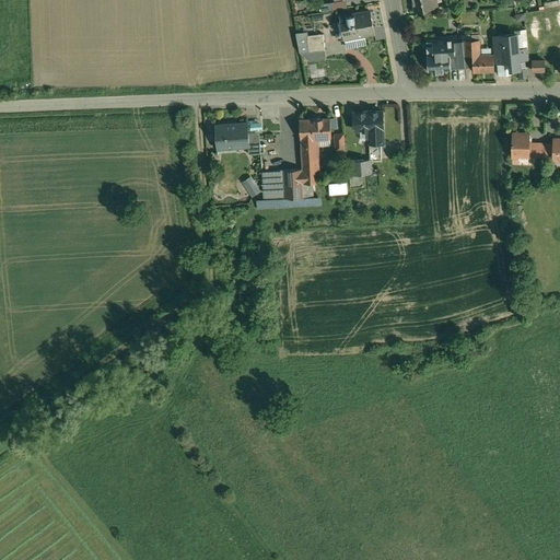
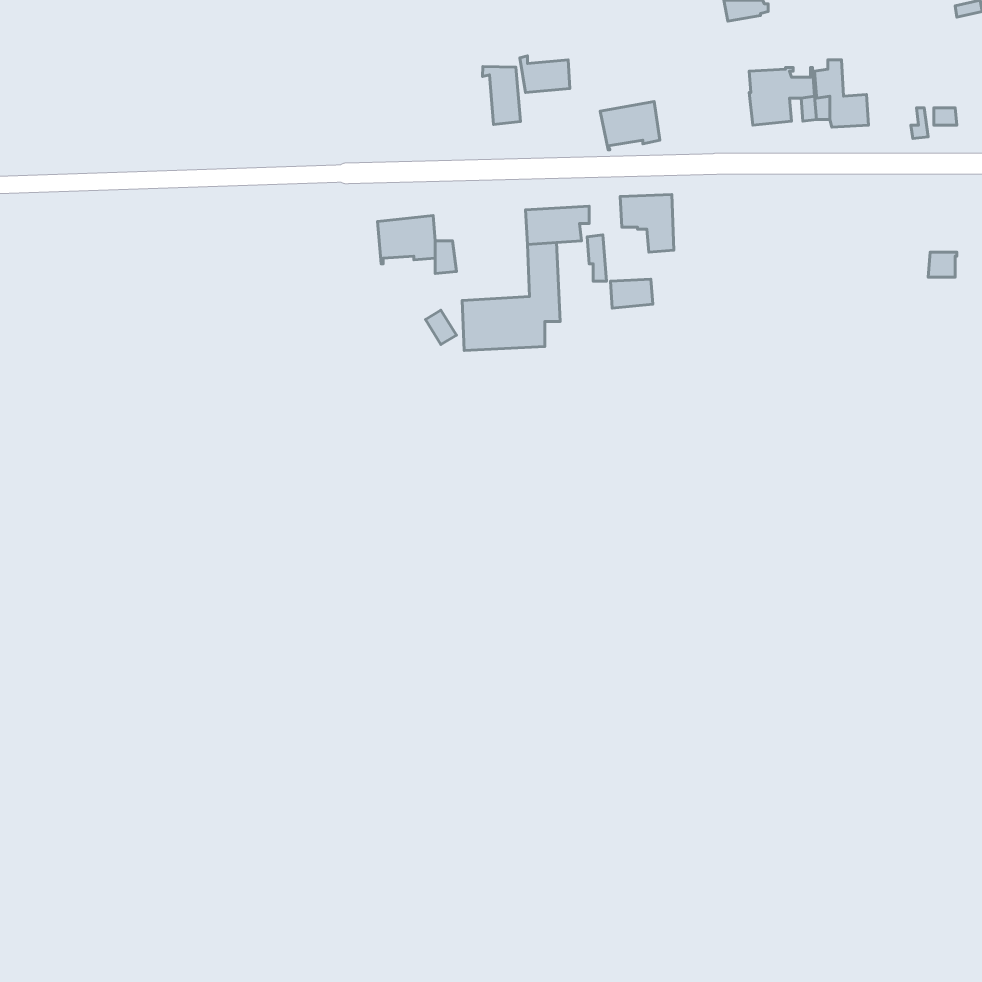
building: [339,12,373,39] -> [600,102,660,150]
building: [493,36,528,71] -> none
building: none -> [483,67,521,125]
building: [511,132,528,161] -> none

